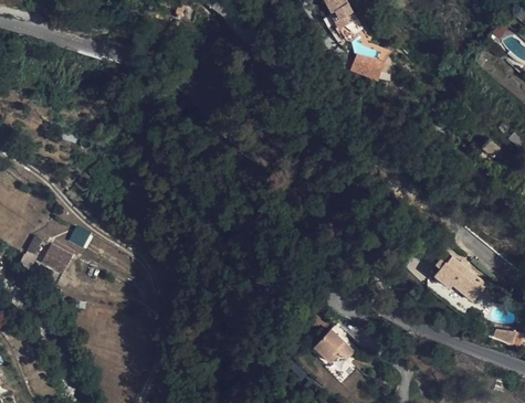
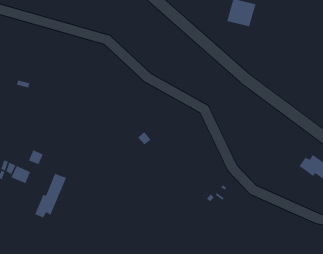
building: none -> [34,173,67,218]
building: [314,329,353,361] -> none

